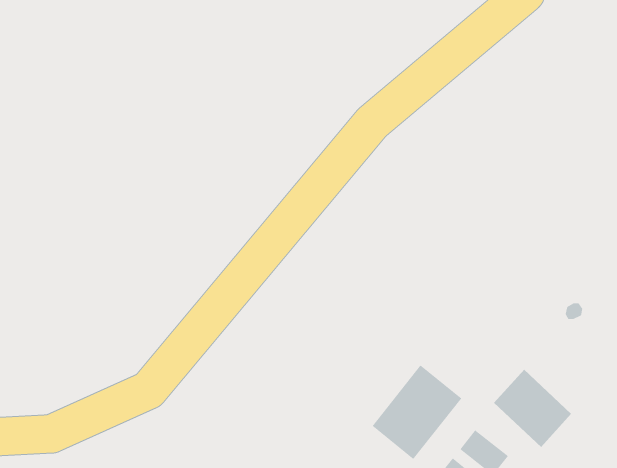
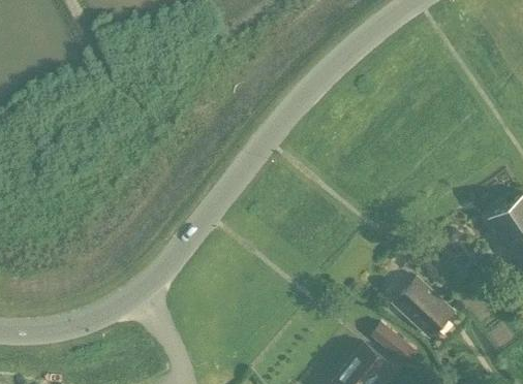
building: [372,364,462,460] -> none

